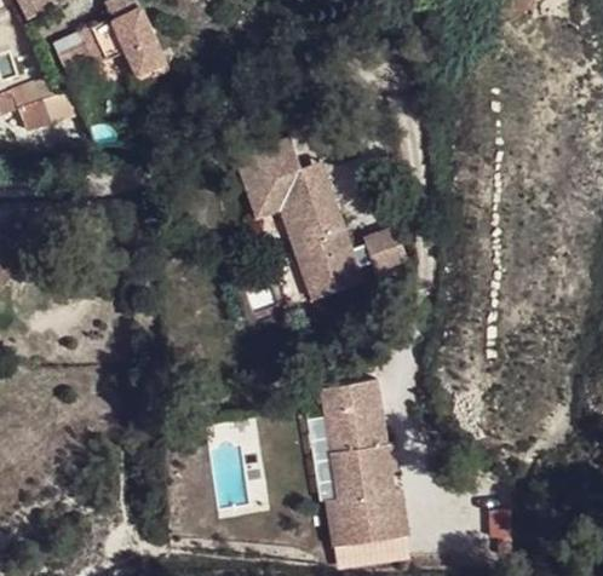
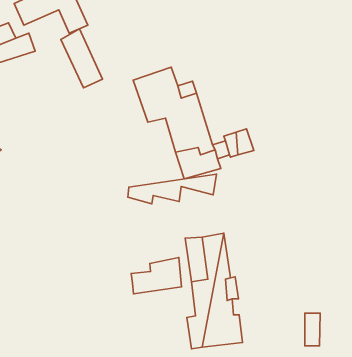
building: none -> [61,29,102,88]
building: none -> [128,174,216,204]
building: none -> [131,257,182,294]

